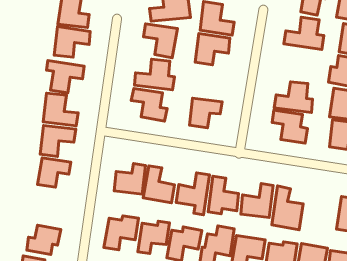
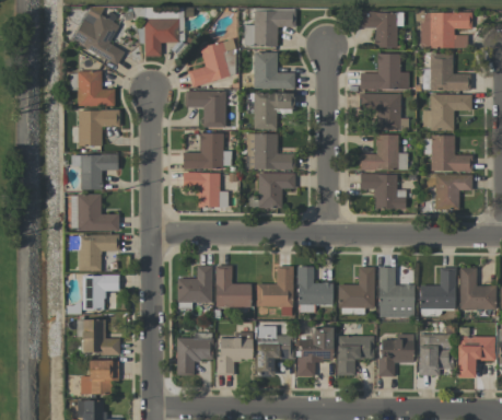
building: none -> [360,93,401,130]
building: none -> [254,133,295,171]
building: none -> [83,319,120,354]
building: none -> [420,267,456,308]

